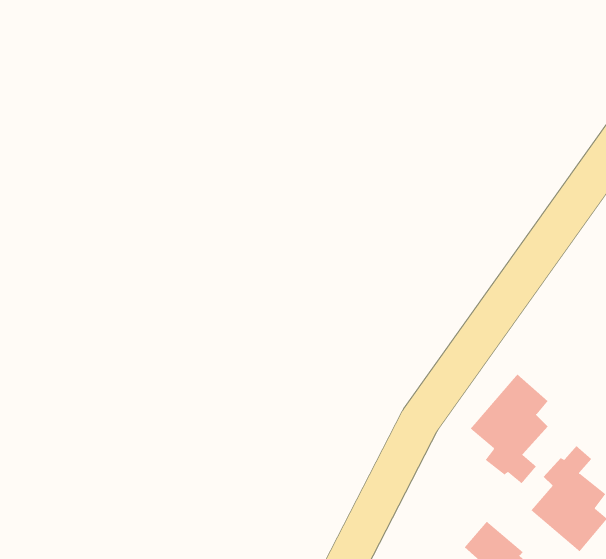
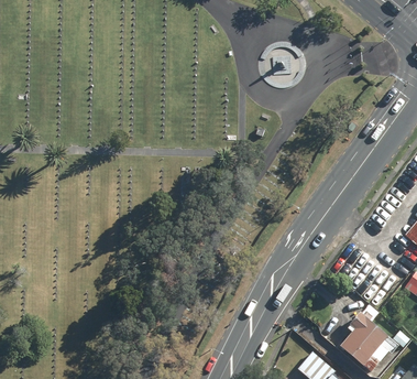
building: [470,374,549,484] -> none

